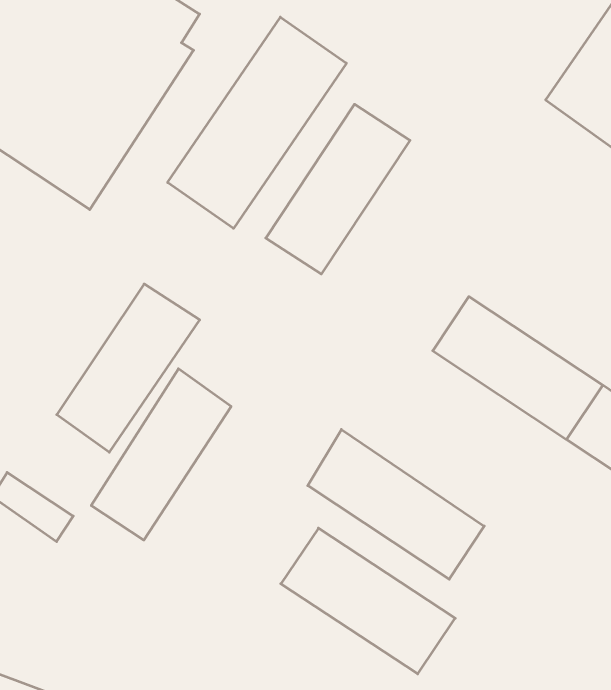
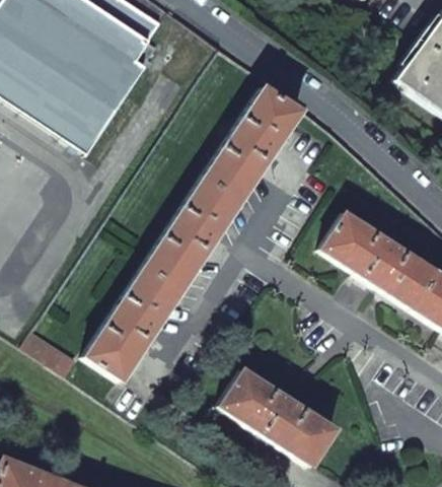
building: [168,17,346,228] -> none
building: [57,284,200,452] -> [149,172,245,286]
building: [308,429,484,579] -> none

